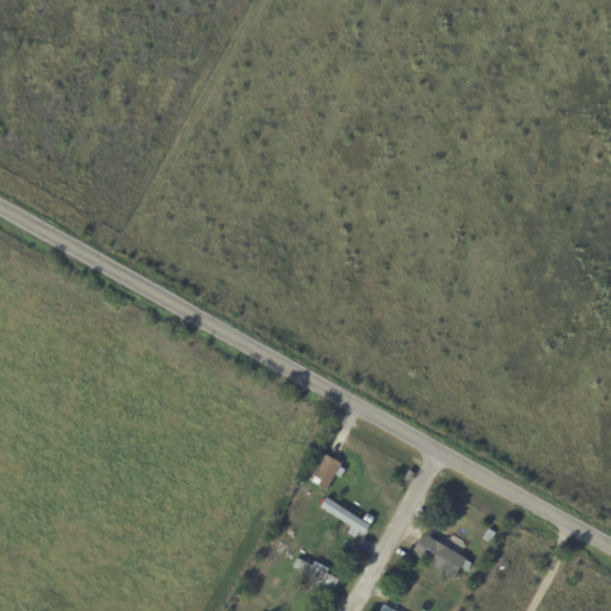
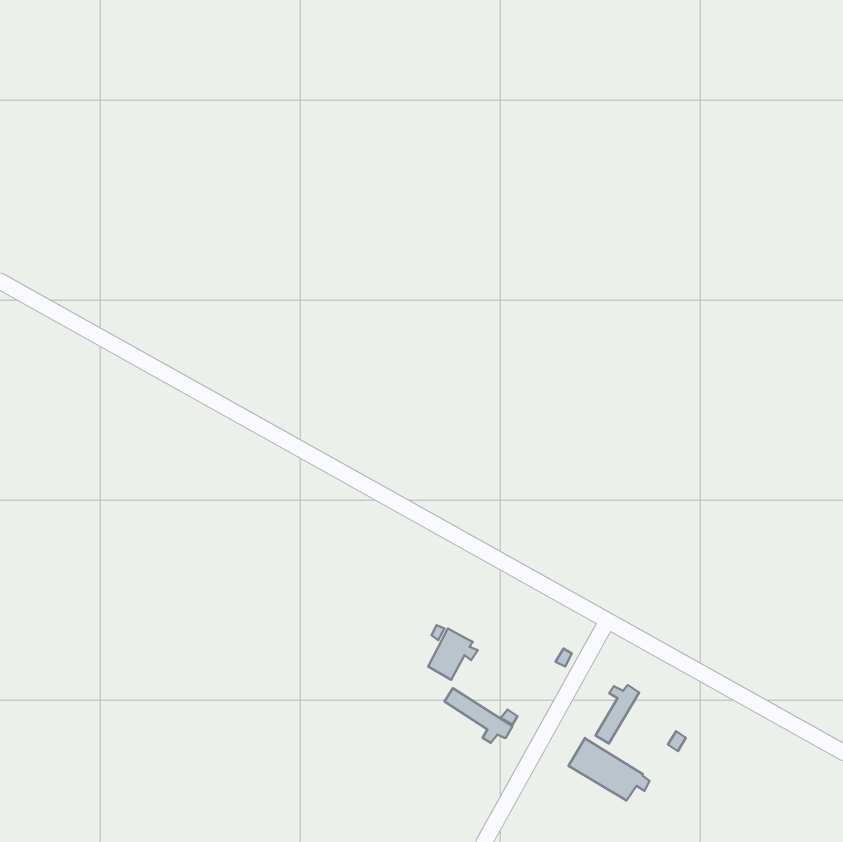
building: none -> [596,685,639,743]
building: [294,556,339,590] -> none

